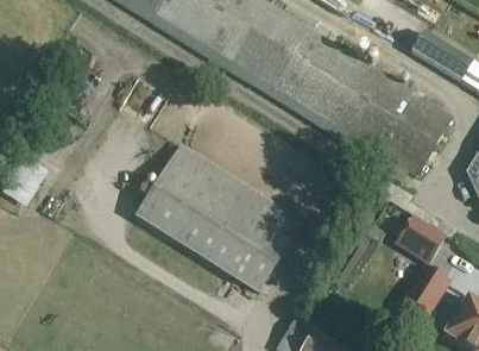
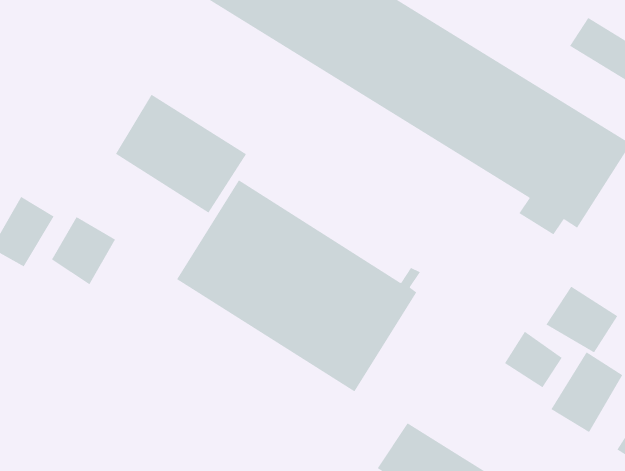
building: none -> [115,94,247,214]
building: none -> [51,216,116,285]
building: none -> [504,331,563,388]

